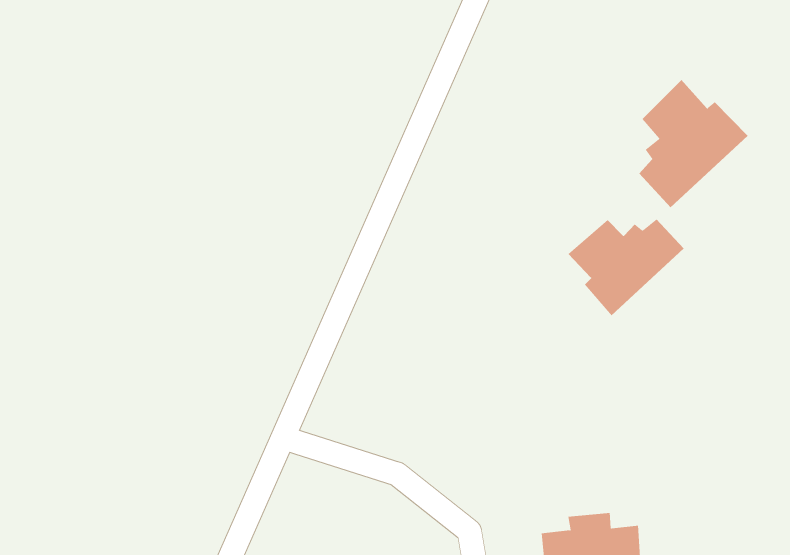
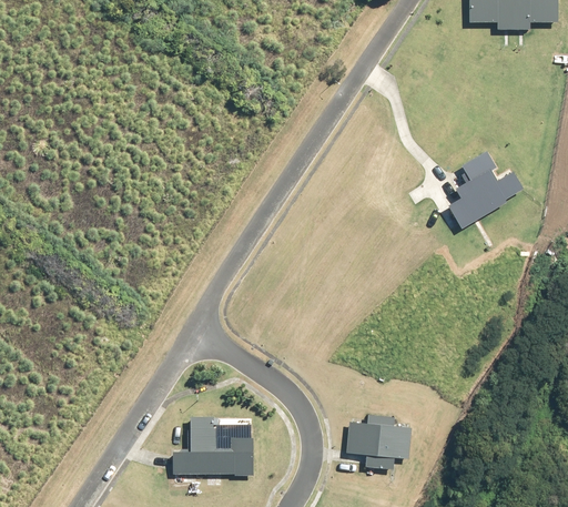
building: [567,218,685,316] -> none

